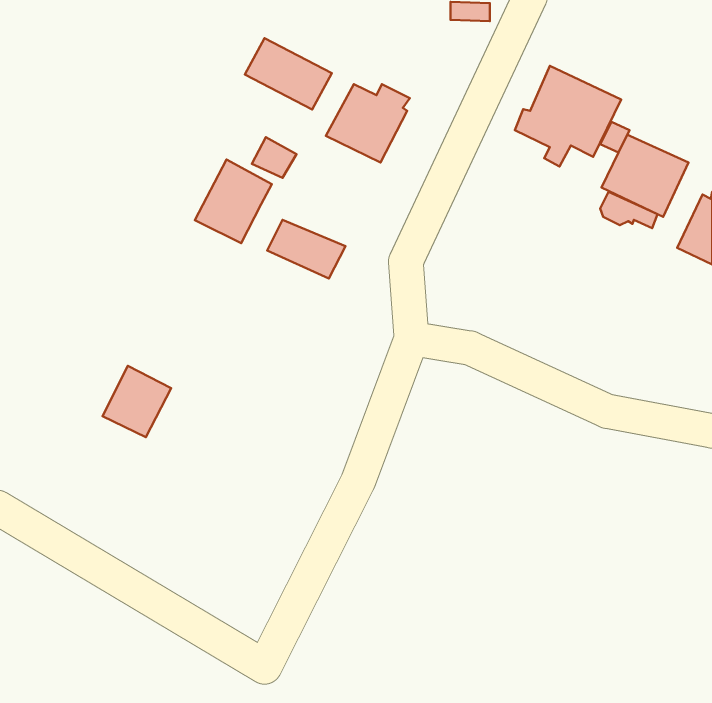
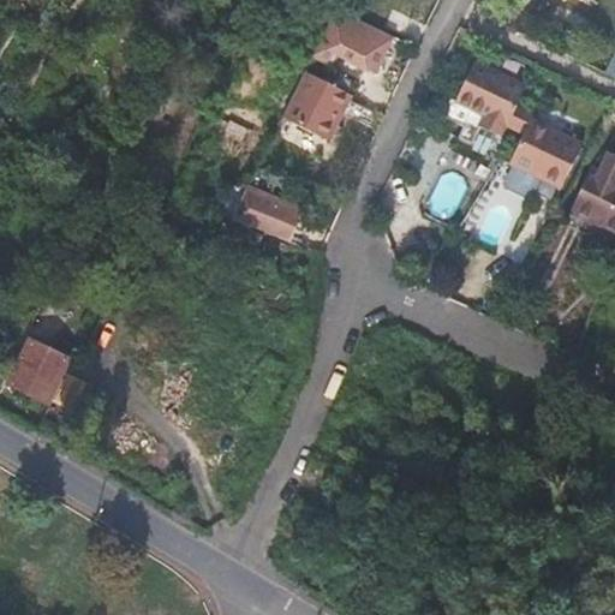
building: [245,38,332,109] -> [320,10,394,71]
building: [195,160,272,243] -> none
building: [102,366,171,437] -> [8,340,67,401]

